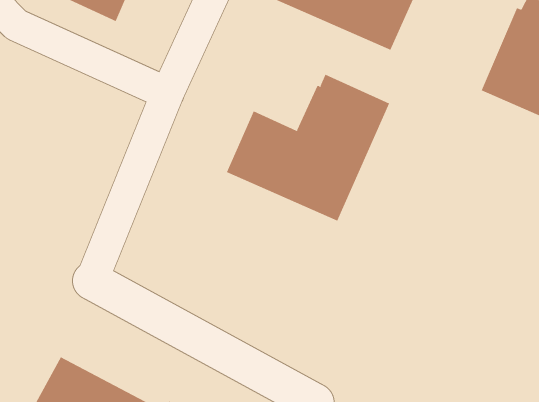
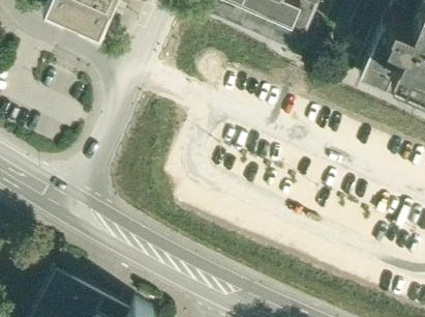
building: [226,74,390,222] -> none

